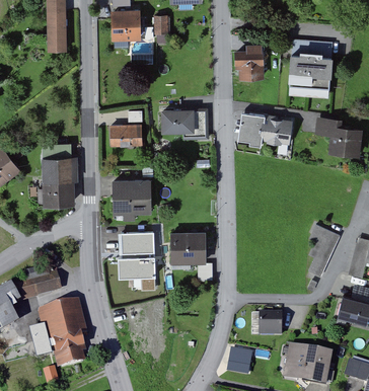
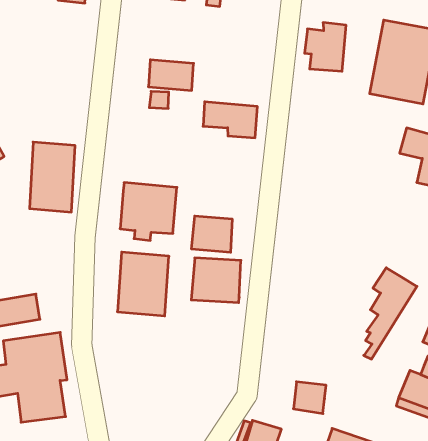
building: [246,110,295,144] -> none
building: [110,124,144,145] -> [148,60,194,90]
building: none -> [192,216,232,252]

